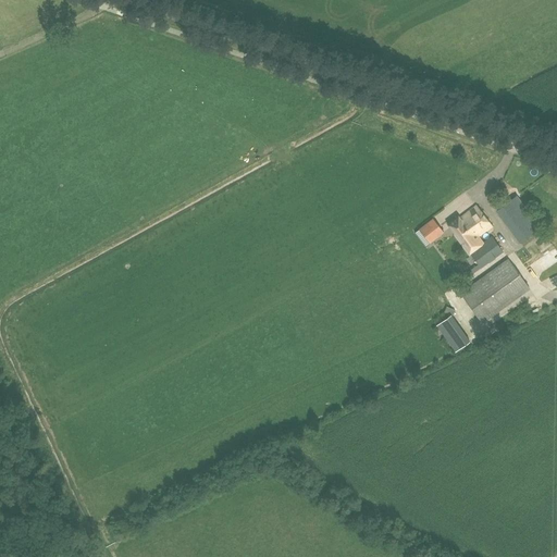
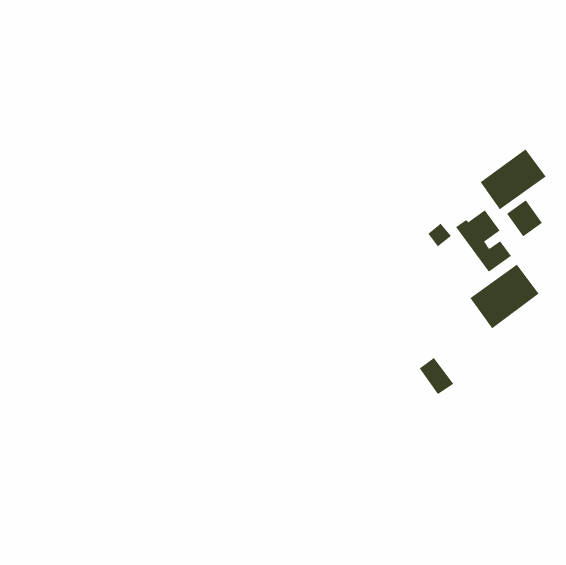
building: none -> [480,149,546,210]
building: [436,314,471,351] -> [419,357,454,395]

